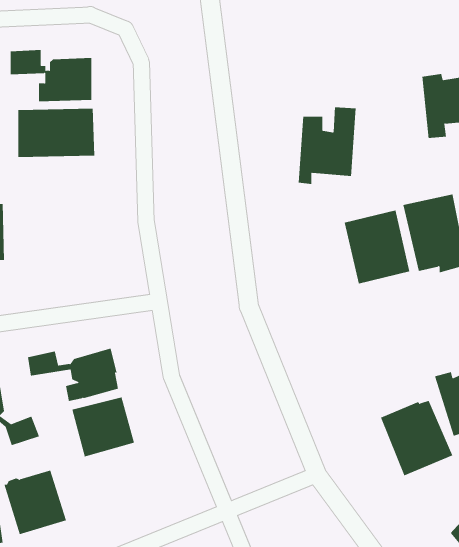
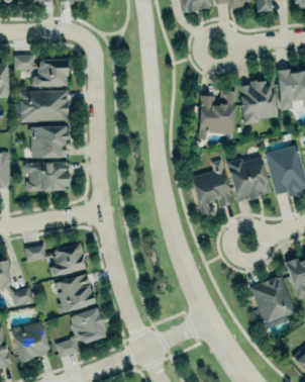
building: none -> [239,82,276,125]
building: none -> [28,126,69,158]
building: none -> [191,160,232,219]
building: none -> [24,163,69,191]
building: none -> [56,308,105,358]

